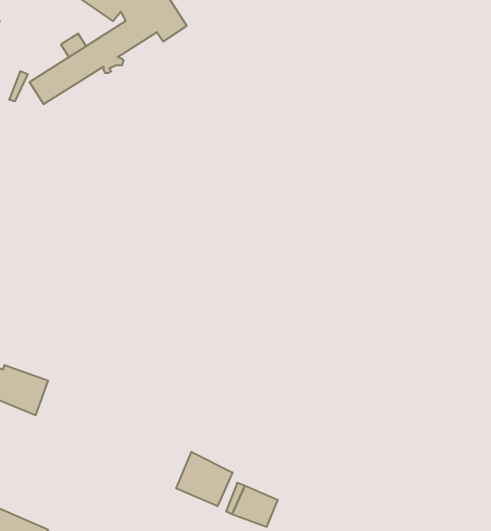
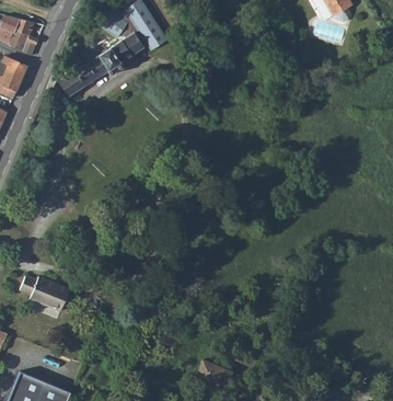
building: [176,452,233,506] -> none

